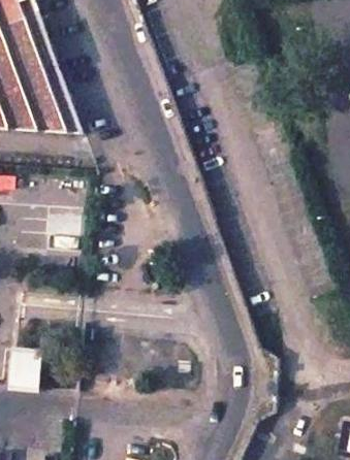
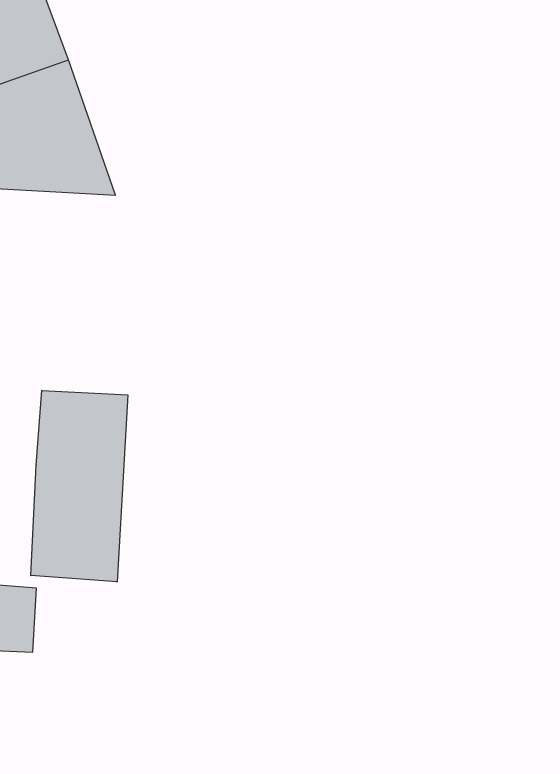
building: none -> [31,390,128,582]

